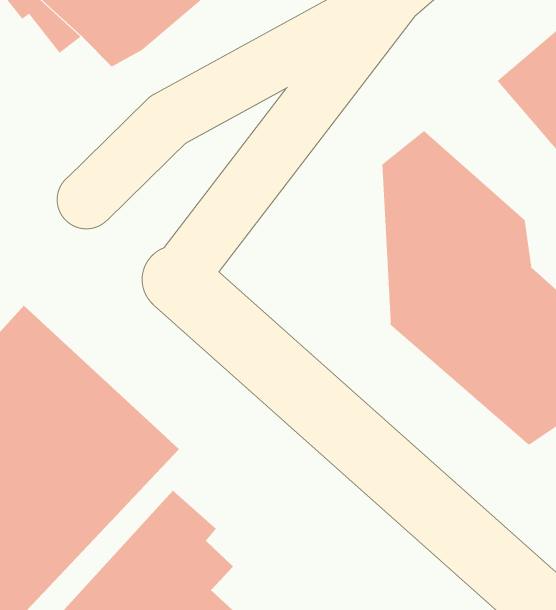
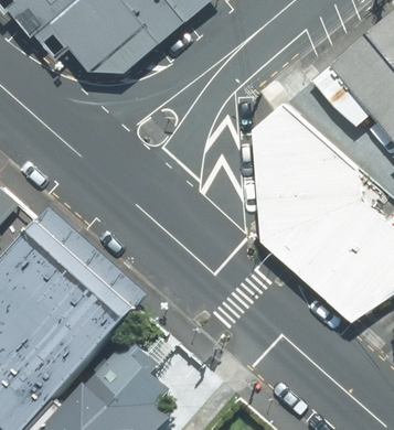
building: none -> [253,100,362,319]

